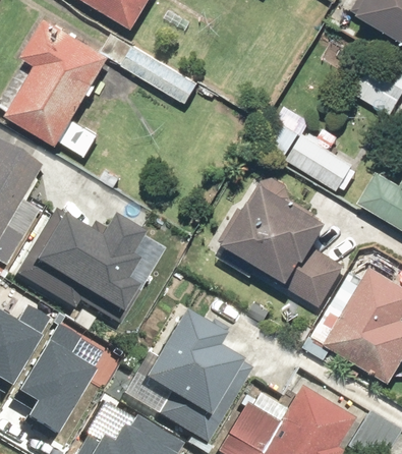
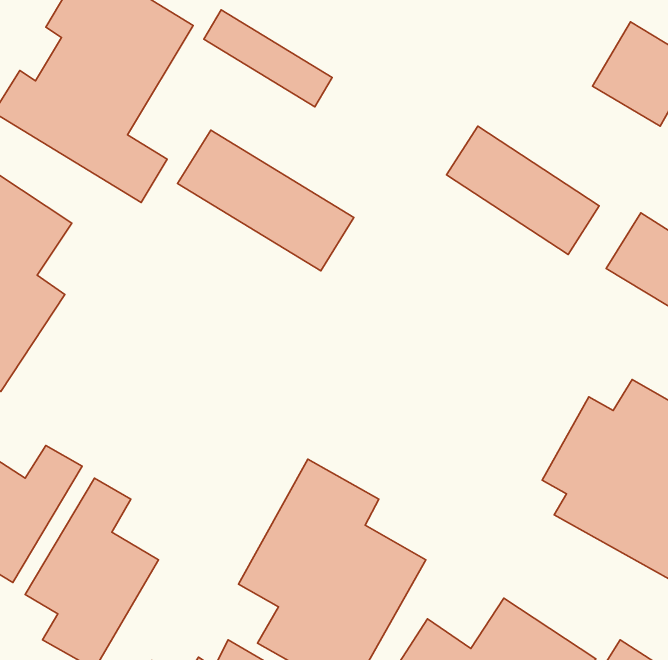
building: none -> [178,130,354,271]
building: [218,170,347,303] -> none
building: [13,213,143,334] -> none

